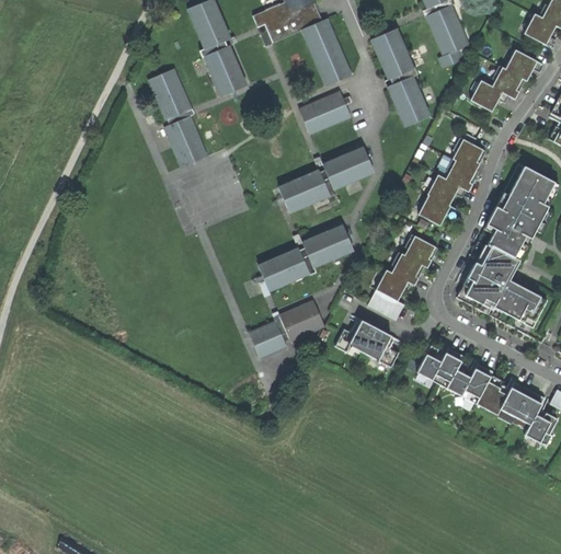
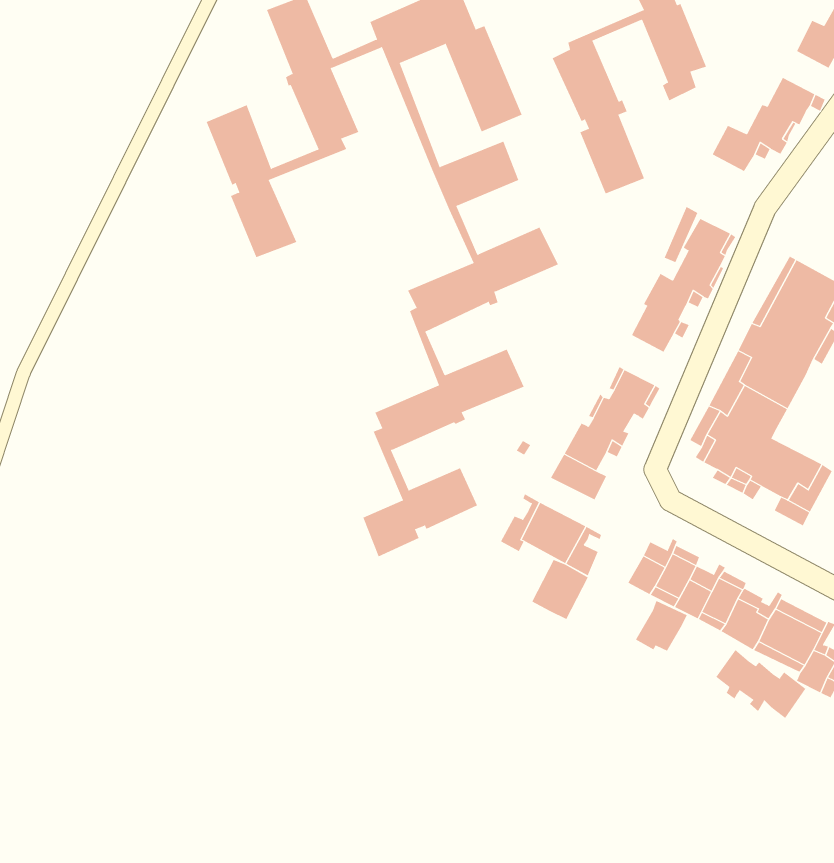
building: none -> [531,559,589,620]
building: none -> [635,600,687,652]
building: none -> [715,649,806,719]

